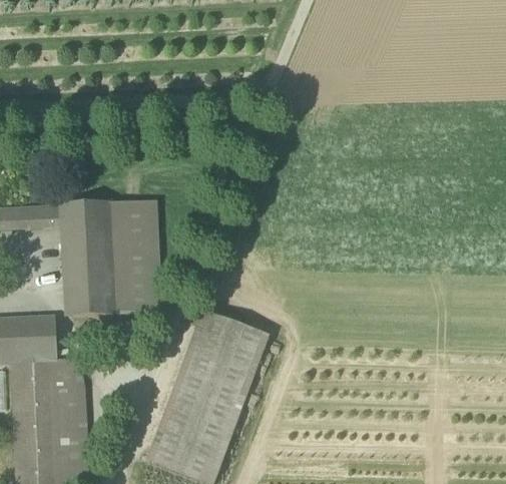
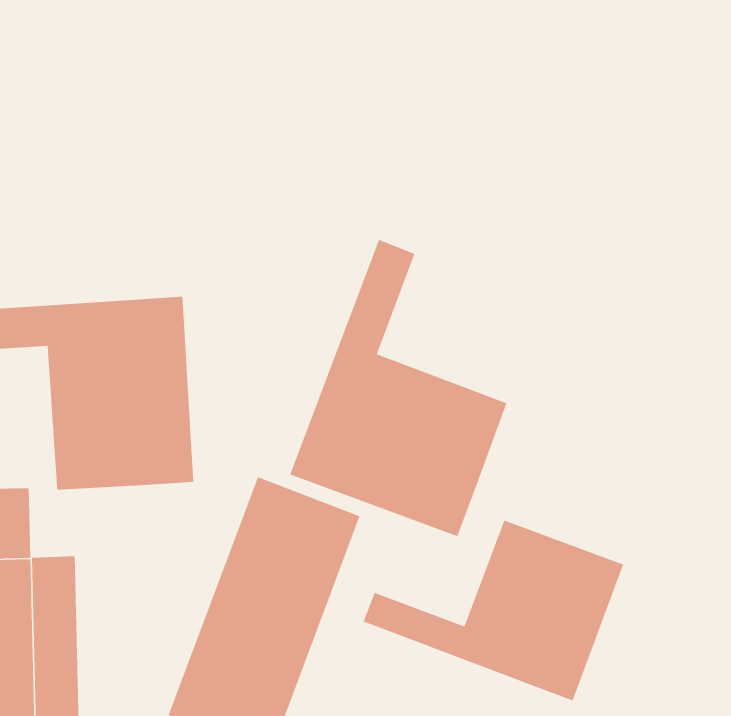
building: none -> [289,239,508,537]
building: none -> [362,520,624,702]

